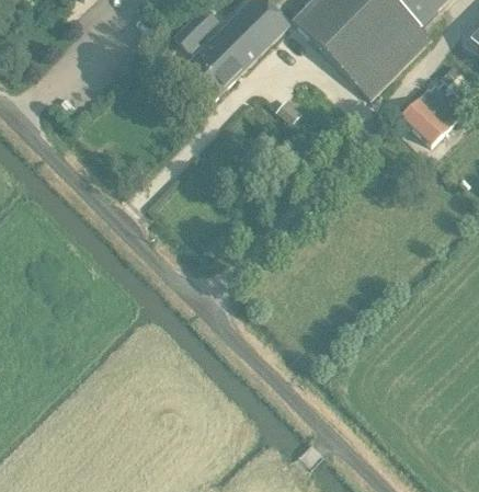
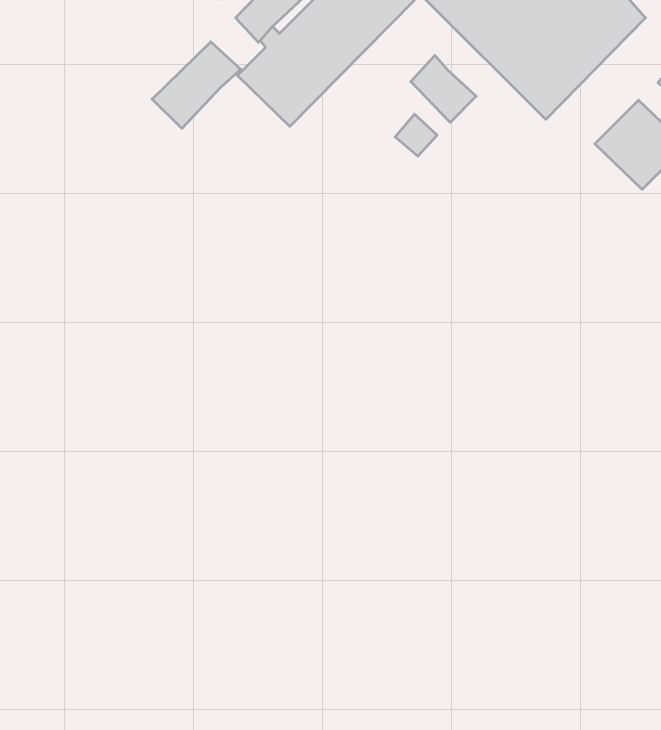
building: none -> [152,42,241,128]
building: none -> [411,55,476,122]

